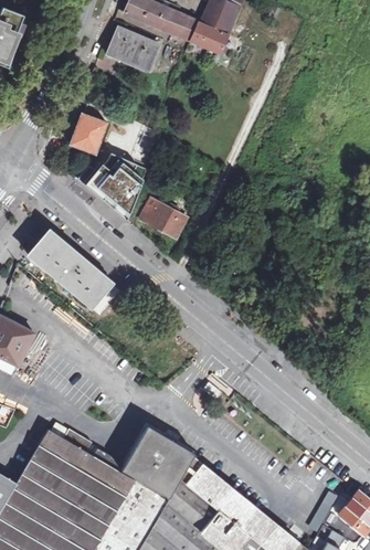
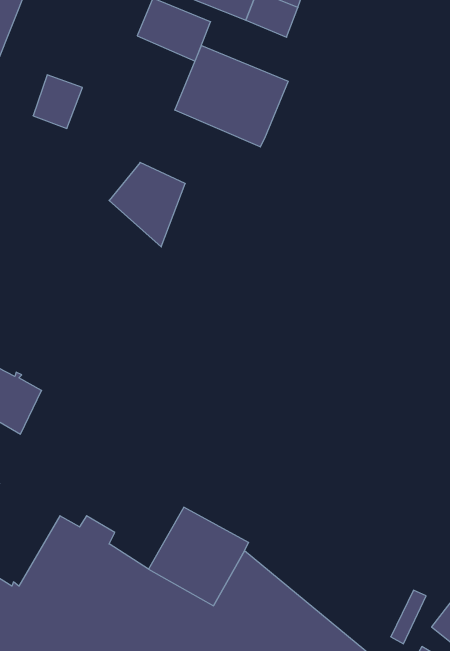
building: none -> [175,45,288,147]
building: [75,113,114,155] -> [33,75,82,128]
building: [140,194,192,239] -> none
building: [27,225,114,306] -> none

